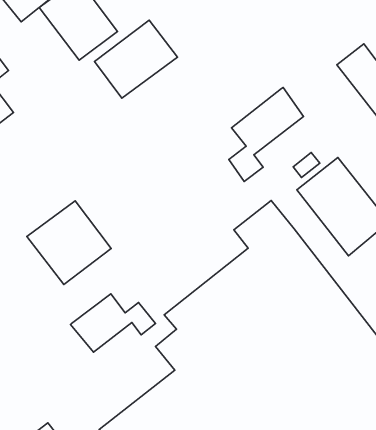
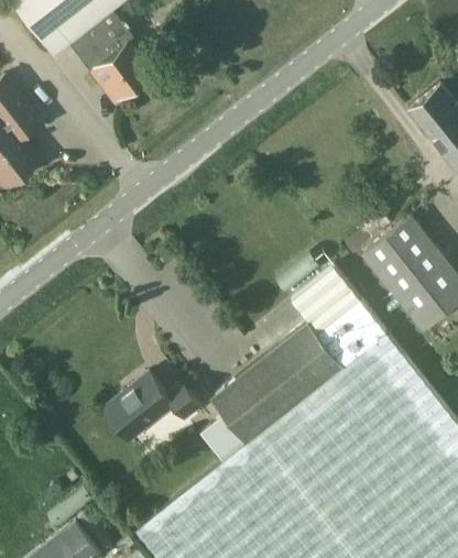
building: [95,20,178,98] -> none
building: [229,87,303,181] -> none
building: [27,201,111,285] -> none

